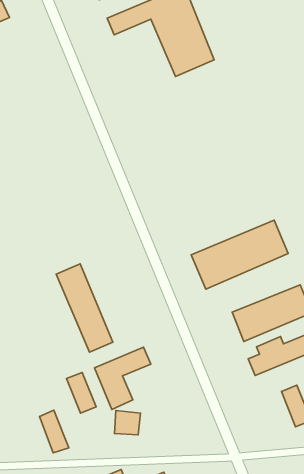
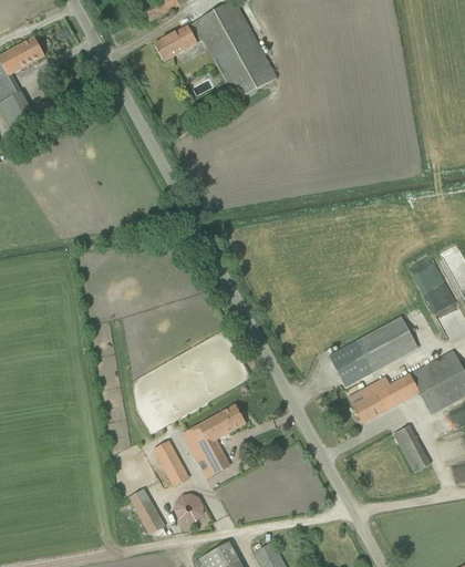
building: [191,220,288,289] -> none
building: [56,264,113,352] -> none
building: [114,411,141,435] -> [174,494,202,519]

